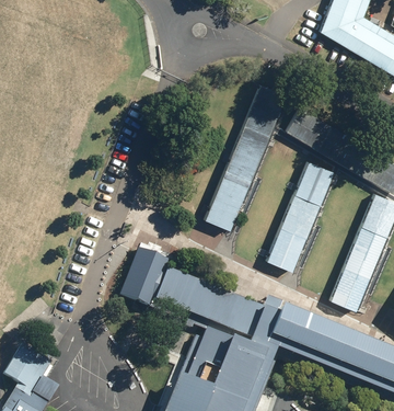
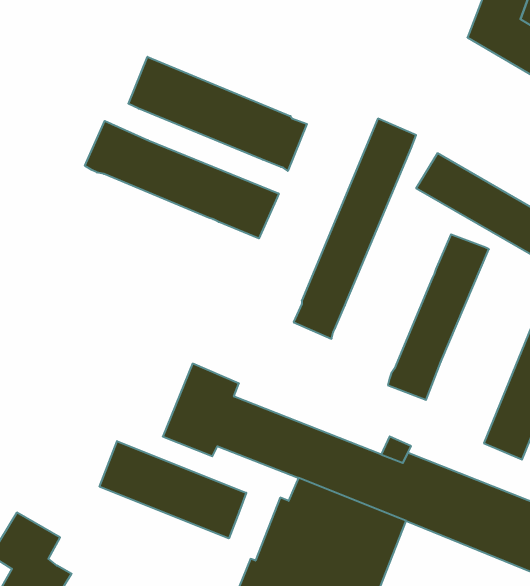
building: none -> [128,57,307,171]
building: none -> [85,121,279,238]
building: none -> [100,441,246,538]

